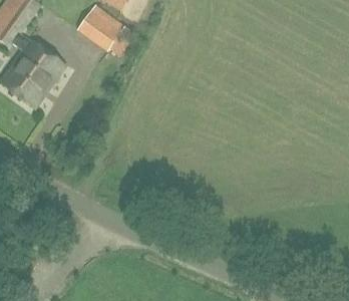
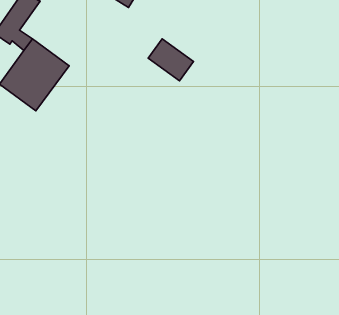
building: [79,7,121,46] -> [148,39,193,81]

